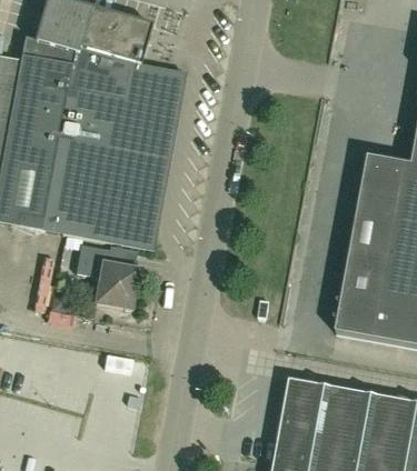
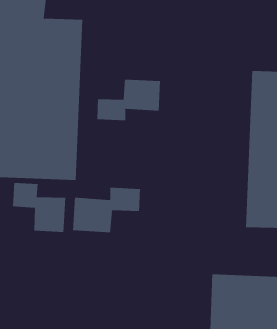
building: none -> [97,79,160,121]
building: none -> [73,187,141,233]

